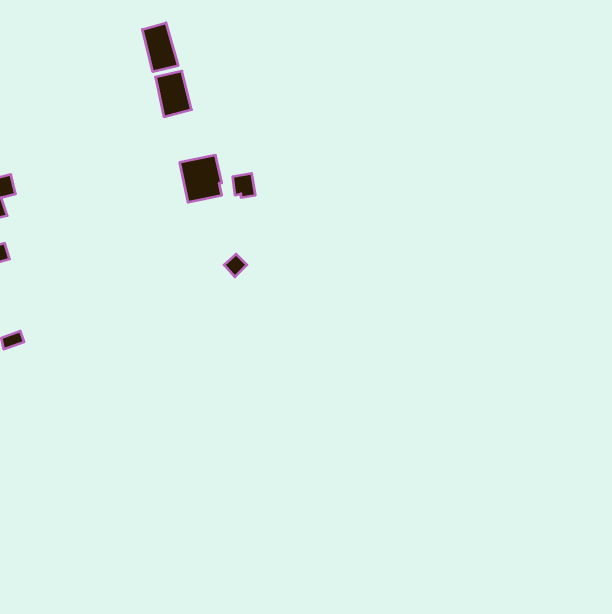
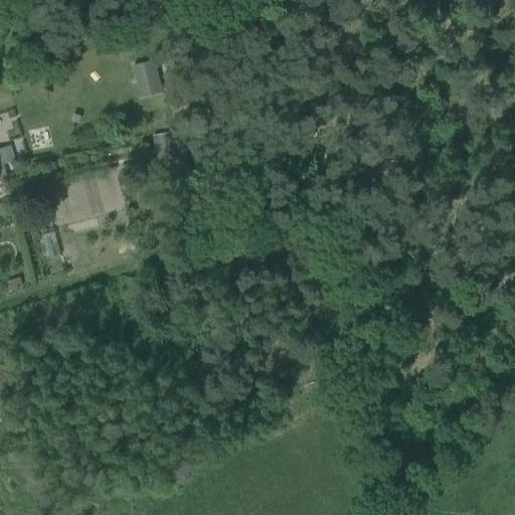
building: [142,23,178,72] -> none

